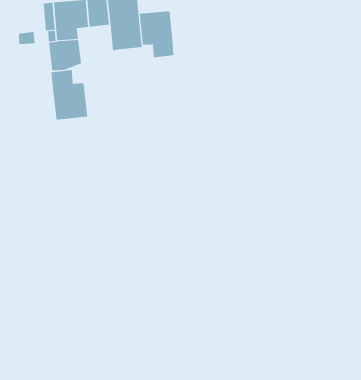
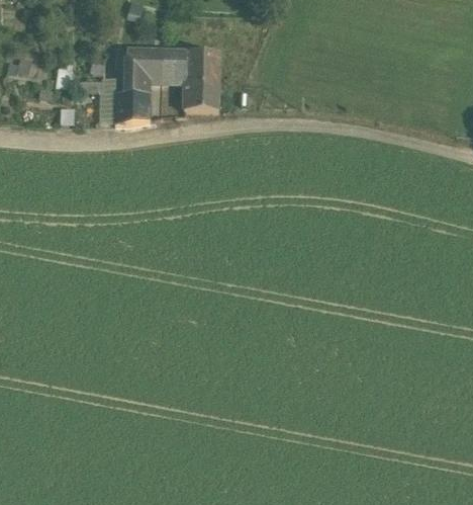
building: [139,10,174,58] -> none
building: [51,69,88,121] -> none

